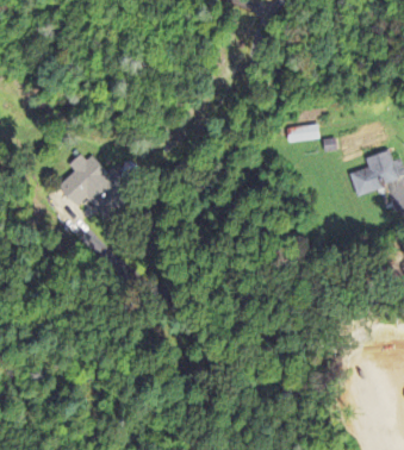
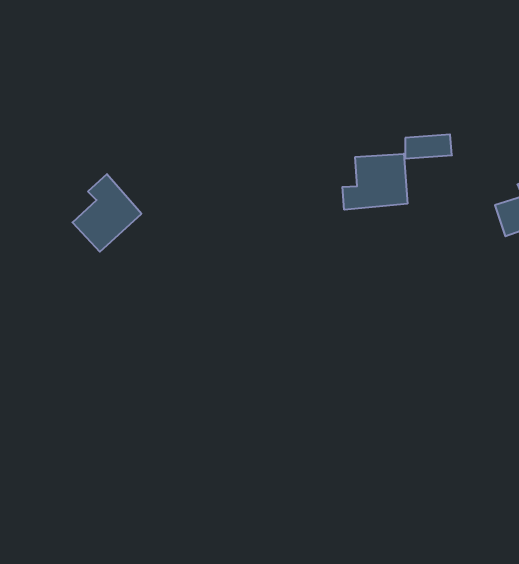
building: none -> [342,154,407,210]

